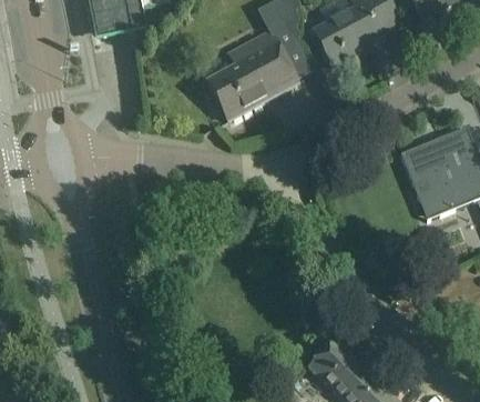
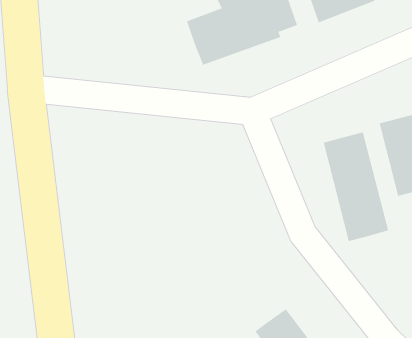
building: none -> [323,131,389,242]

